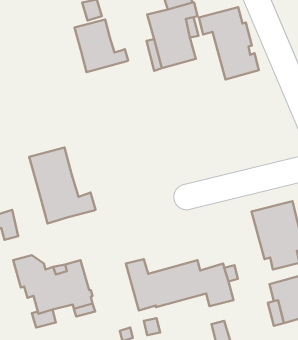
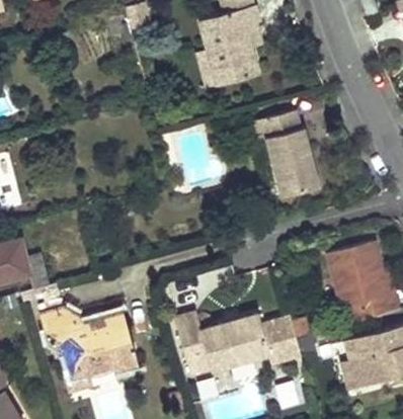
building: [199,7,259,80] -> [251,111,322,197]
building: [75,20,128,72] -> none
building: [29,147,95,223] -> none

